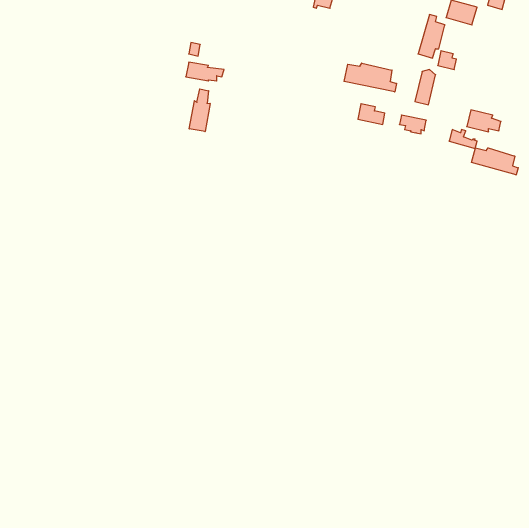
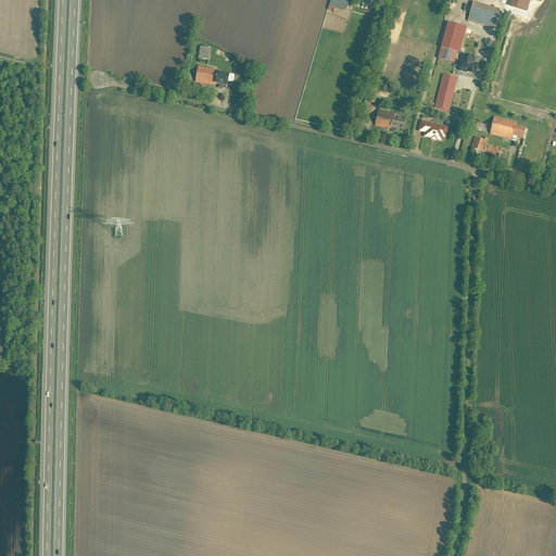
building: [344,63,397,92] -> none
building: [189,89,210,132] -> none
building: [471,148,518,175] -> none

